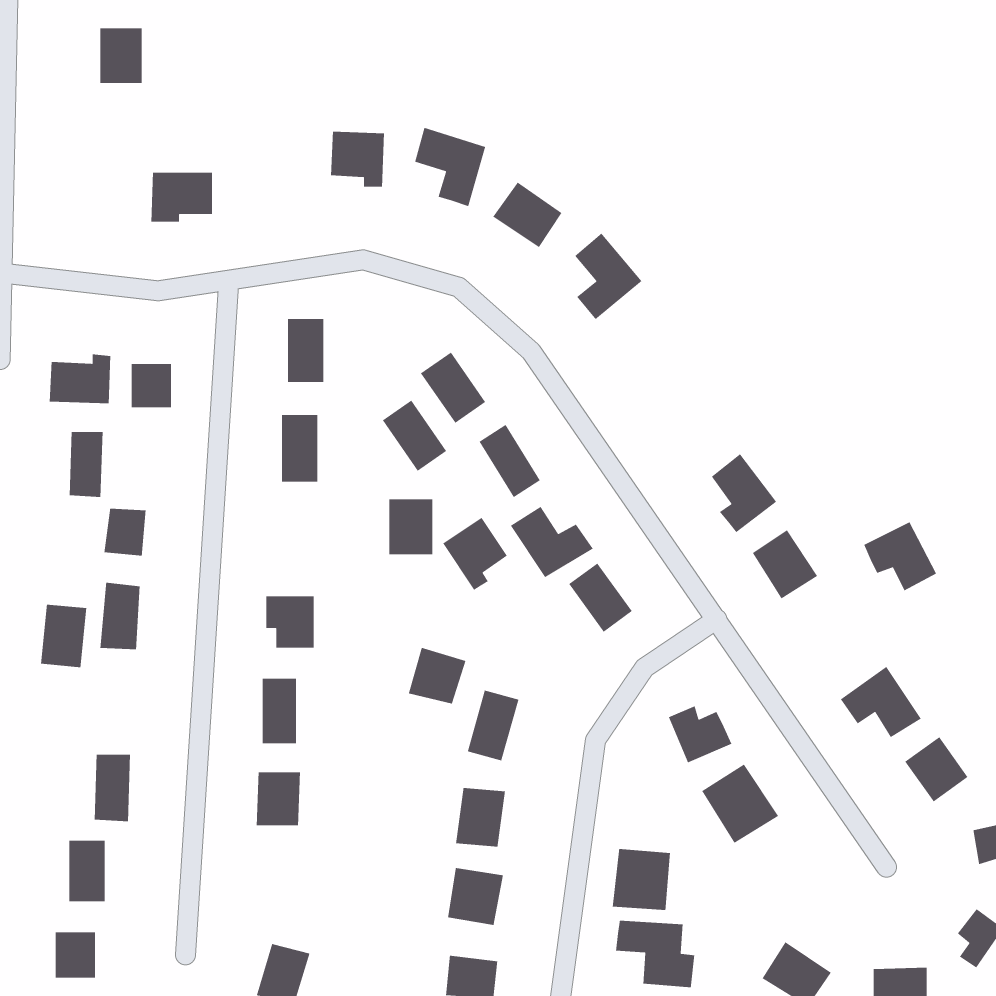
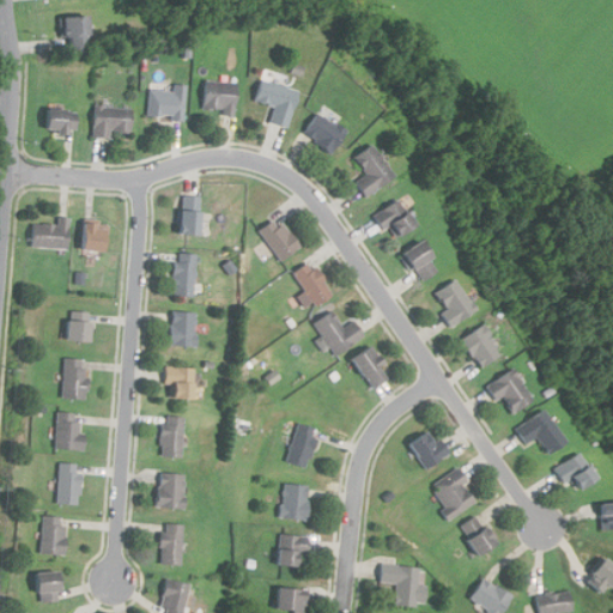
building: none -> [148,85,187,120]
building: none -> [44,109,78,133]
building: none -> [374,200,415,238]
building: none -> [401,241,439,283]
building: [382,399,447,472] -> none
building: [69,431,103,498] -> none
building: [388,498,433,555] -> [170,312,198,347]
building: [442,517,508,591] -> none
building: [863,521,937,592] -> [487,370,533,413]
building: [40,604,87,668] -> [55,412,84,451]
building: [408,647,467,705] -> none
building: none -> [459,516,496,556]
building: [612,848,671,911] -> none
building: none -> [160,524,183,565]

